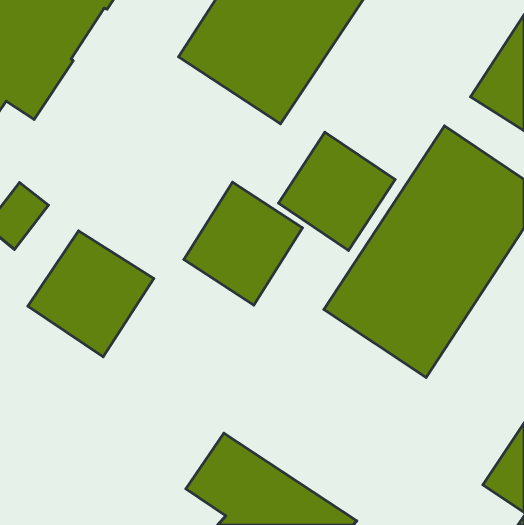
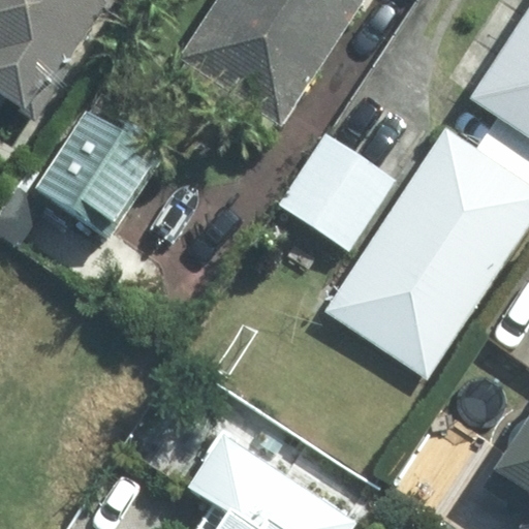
building: [184,182,302,305] -> none
building: [28,231,154,357] -> [37,112,163,238]

